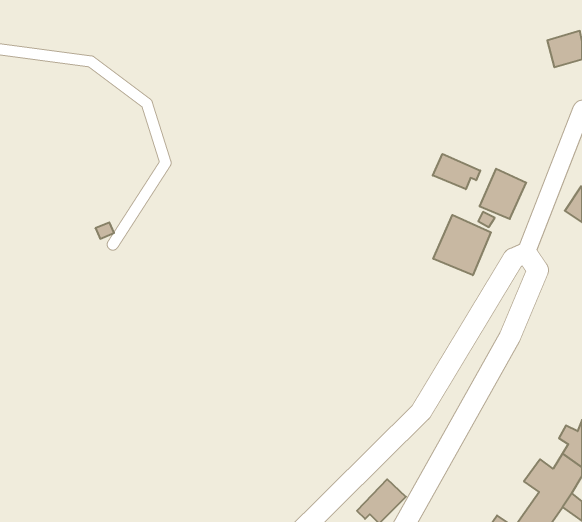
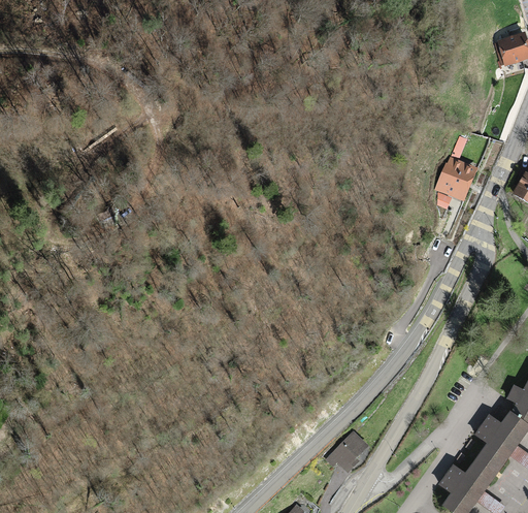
building: [433,154,480,189] -> none
building: [433,215,491,275] -> none

